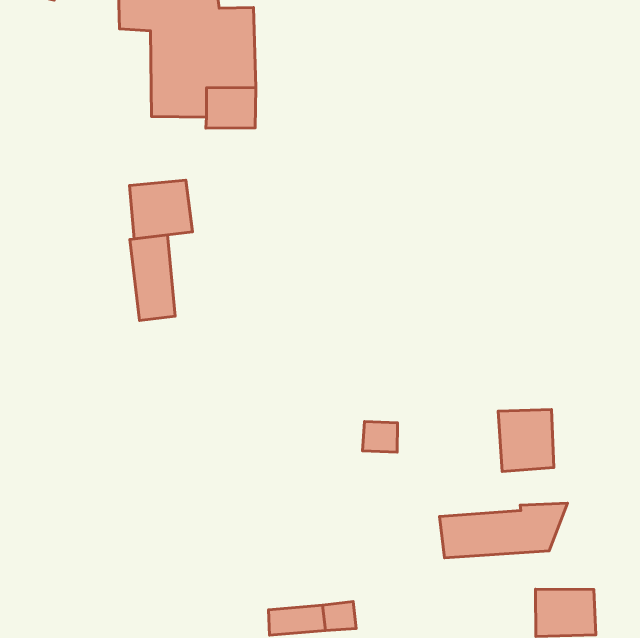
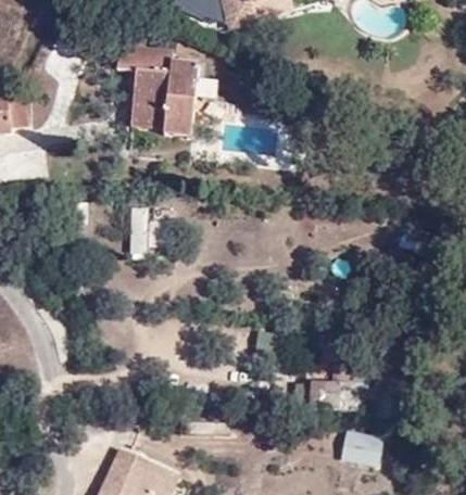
building: [130,180,192,239] -> none
building: [498,410,554,472] -> none

